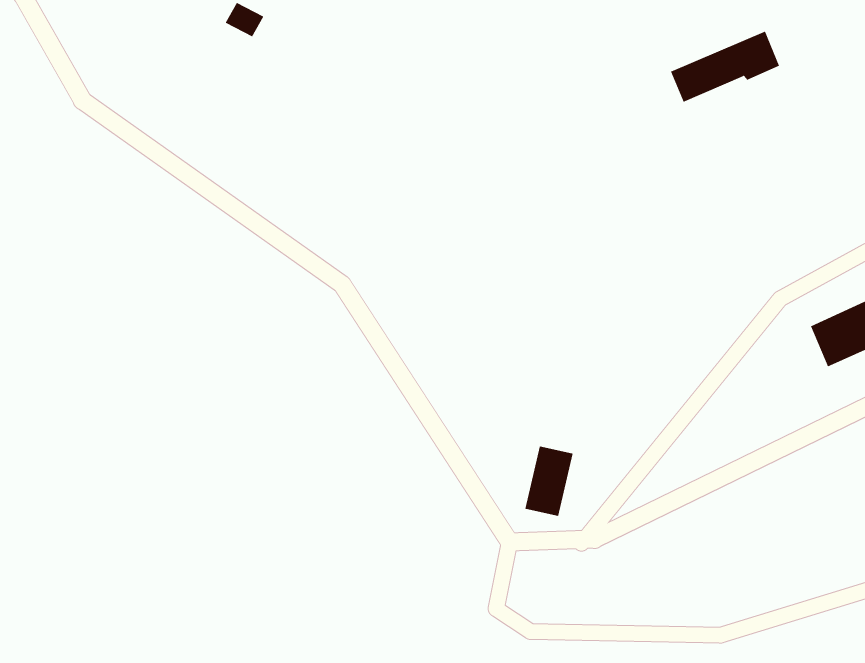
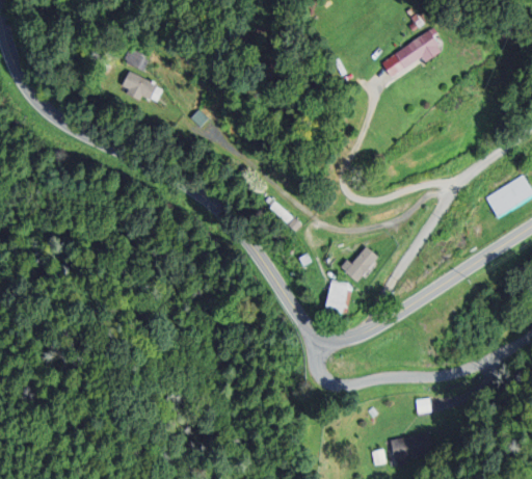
building: none -> [125,74,166,105]
building: none -> [345,246,378,282]

